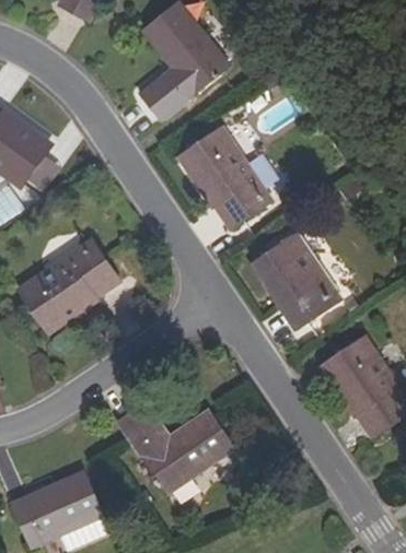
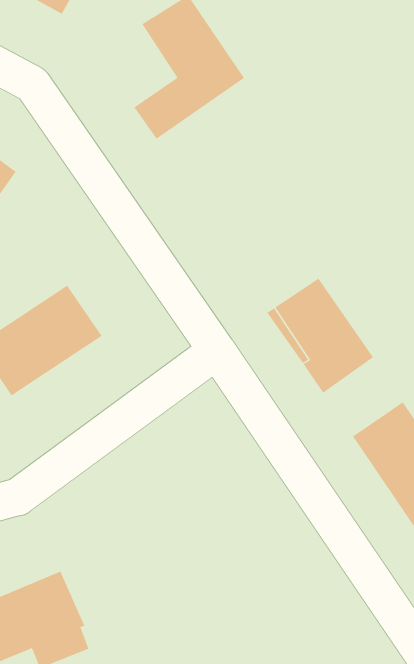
building: [179,127,272,228] -> none
building: [117,403,234,494] -> none

